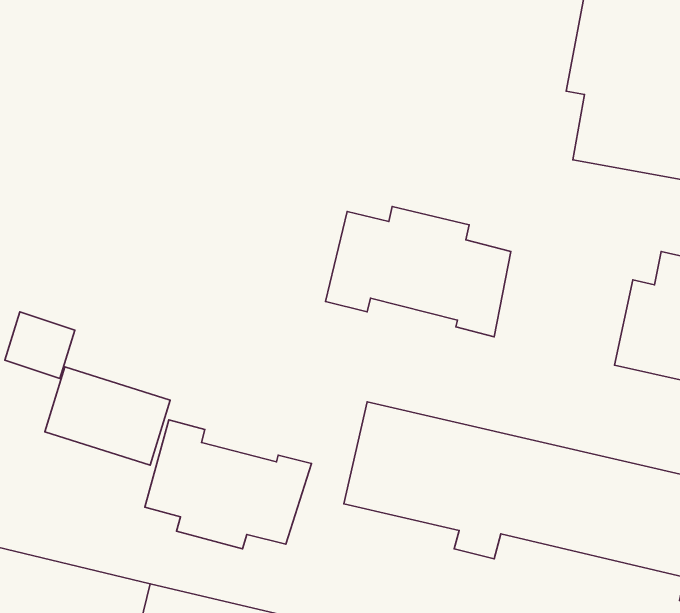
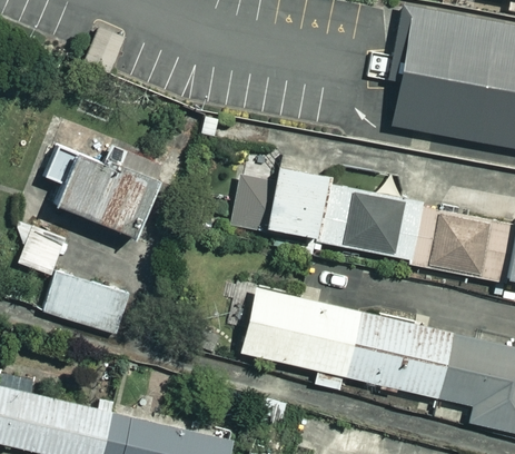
building: none -> [44,141,158,233]
building: none -> [345,190,437,266]
building: [145,420,312,549] -> none

